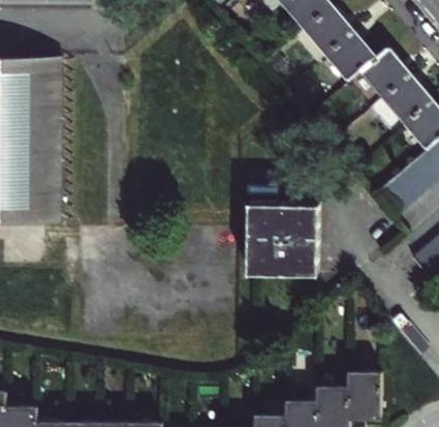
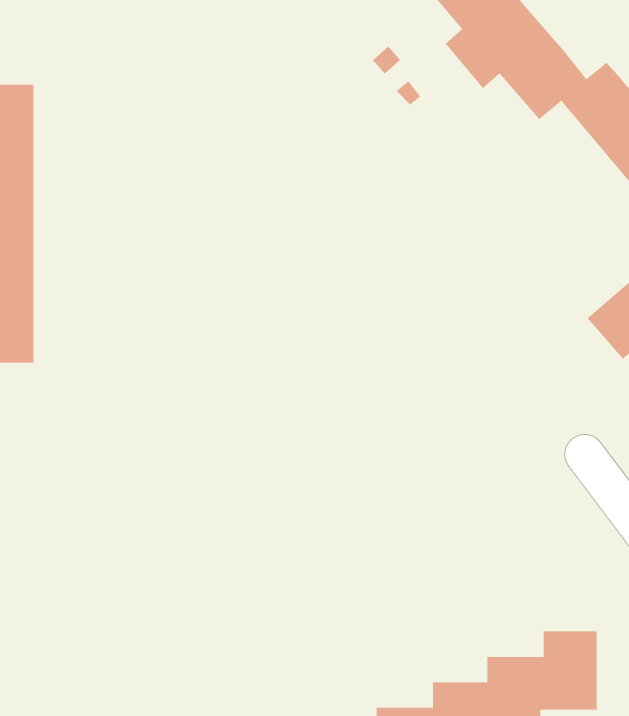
building: [248,202,319,274] -> none

